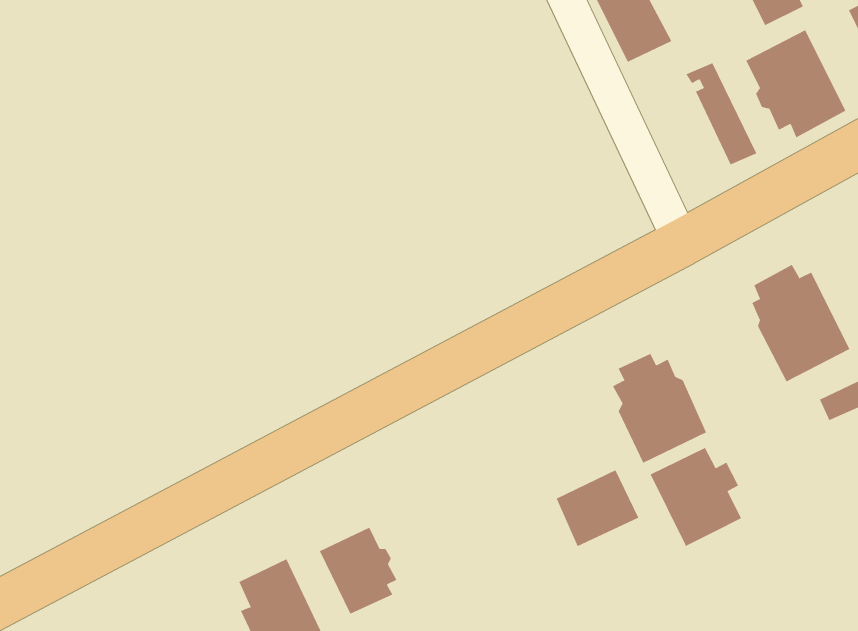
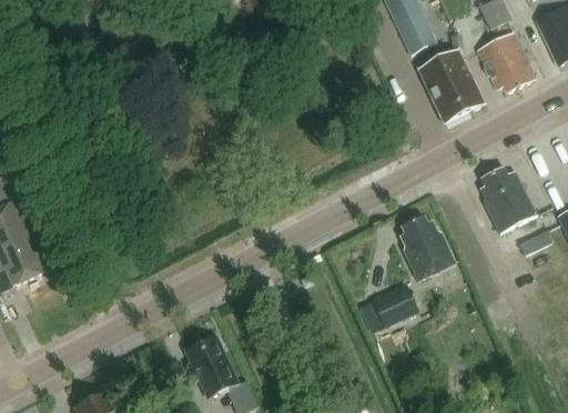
building: none -> [418,57,468,121]
building: [650,447,742,547] -> none
building: [319,527,397,615] -> none

